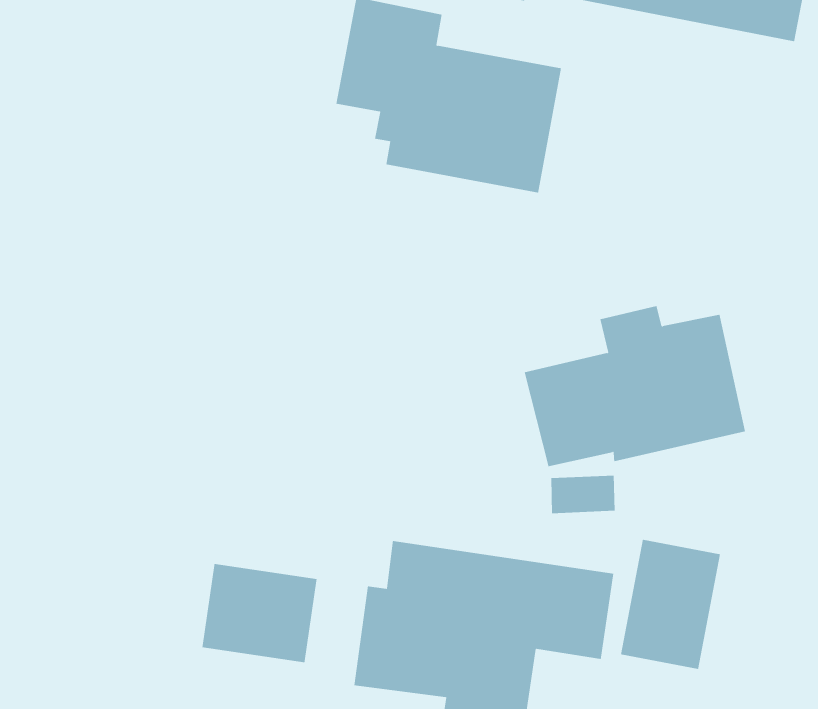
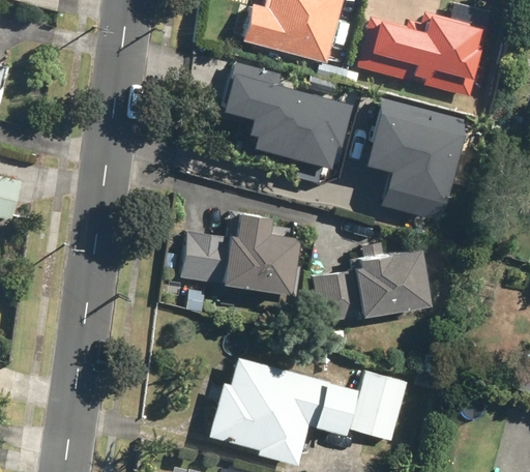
building: none -> [360,97,466,207]
building: none -> [170,213,306,298]
building: [202,563,317,663] -> none

